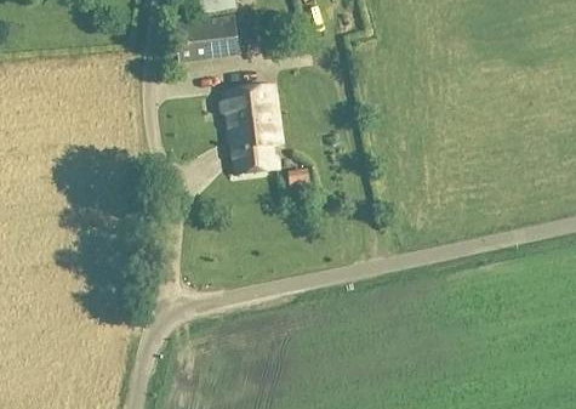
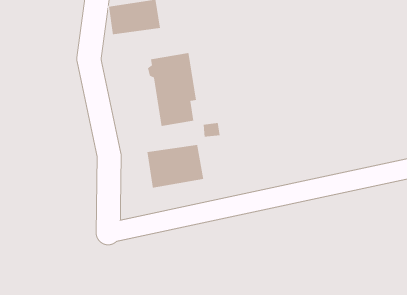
building: none -> [147,144,204,188]

